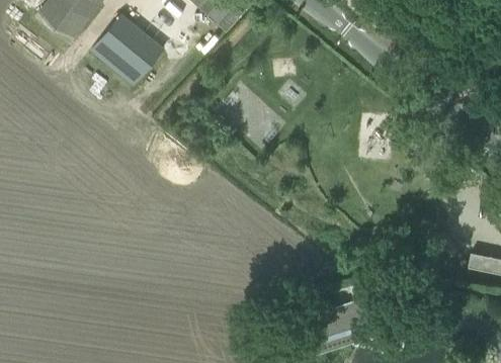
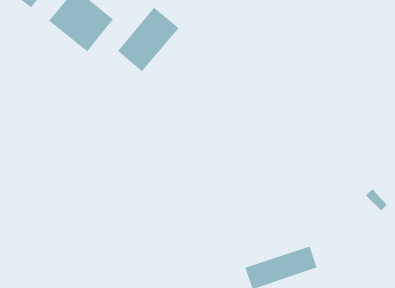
building: none -> [117,7,179,72]

